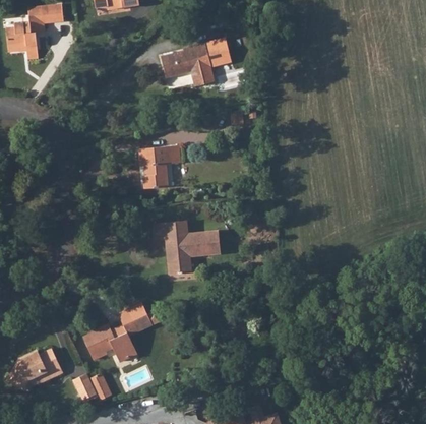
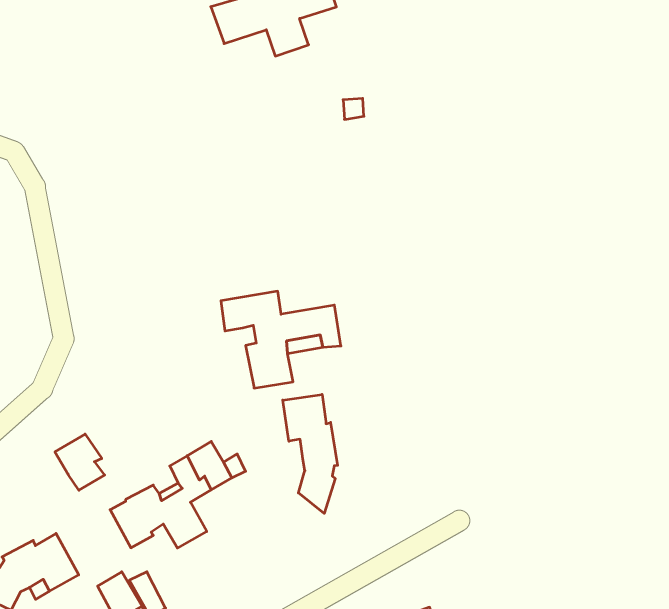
building: [139,146,181,189] -> none
building: none -> [283,394,338,513]
building: none -> [55,434,105,490]

